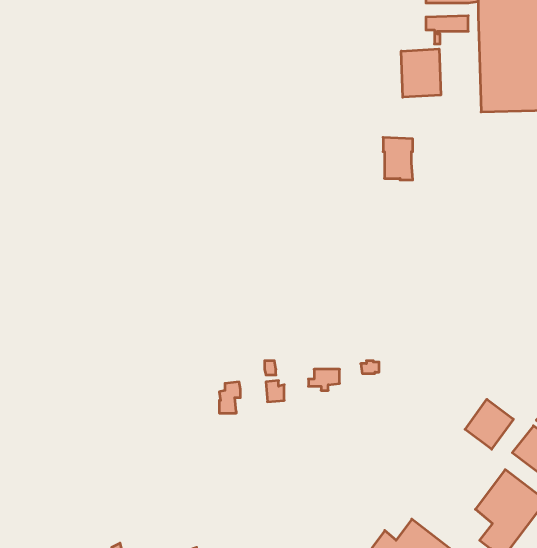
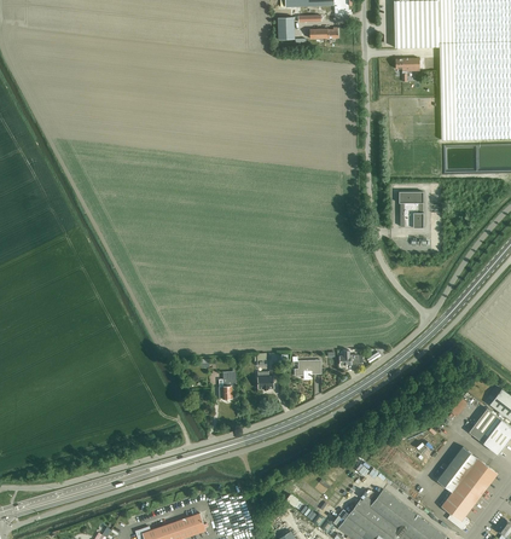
building: [401,49,441,97] -> none
building: [383,137,413,180] -> [399,191,424,227]
building: [465,399,513,449] -> none

